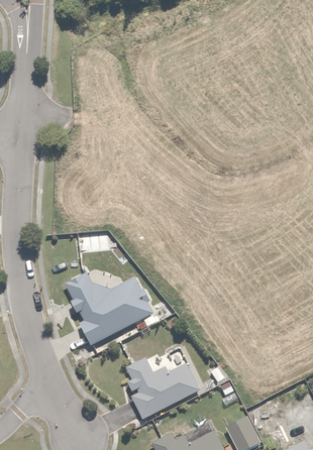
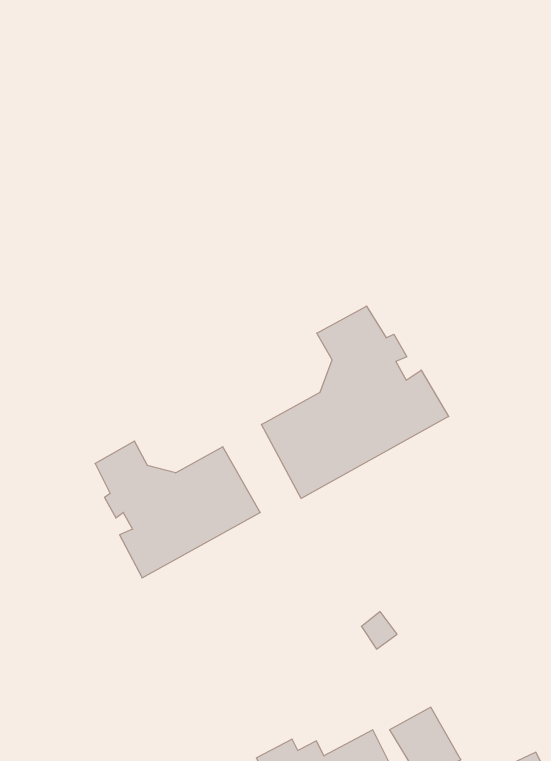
building: none -> [261,306,449,498]
building: [125,357,201,420] -> none

